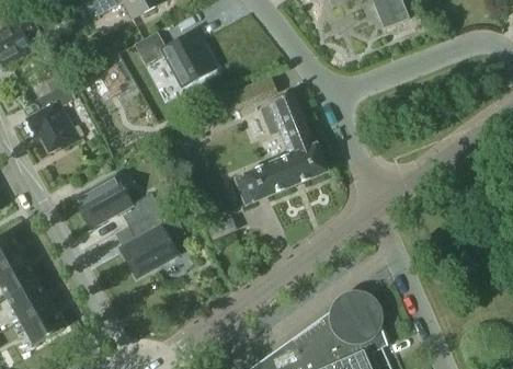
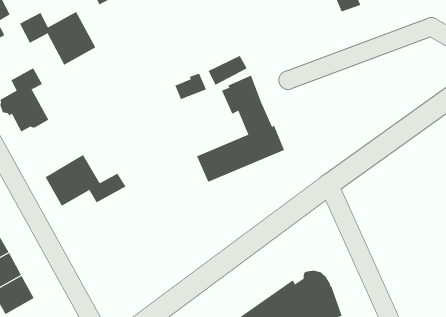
building: [133,31,214,88] -> [19,11,96,65]
building: [118,209,184,279] -> none

